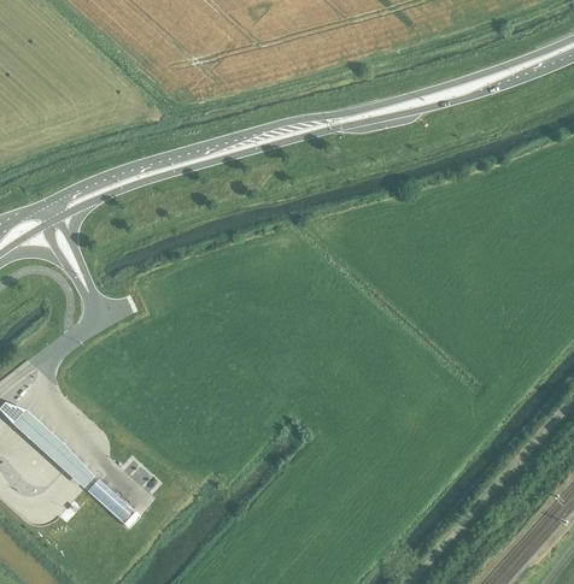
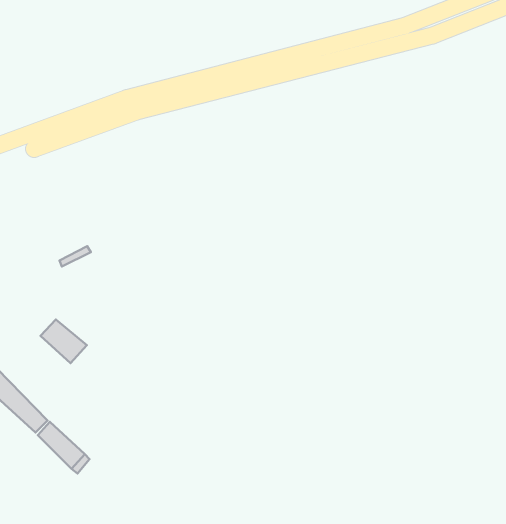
building: none -> [41,320,87,363]

